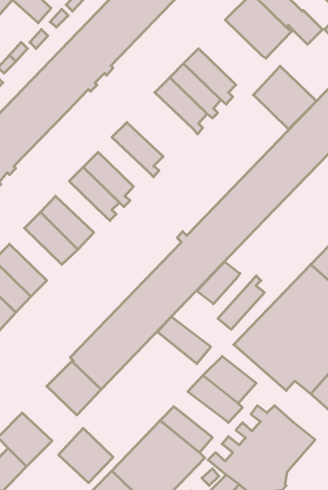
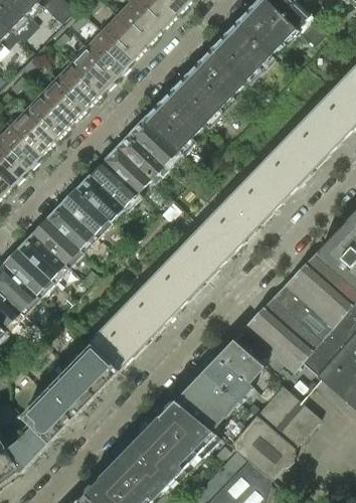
building: [253,66,316,129] -> [210,22,270,81]
building: none -> [143,91,205,157]
building: none -> [116,133,163,184]
building: none -> [75,174,123,225]
building: none -> [32,218,81,268]
building: [197,261,240,304] -> none
building: [218,276,264,329] -> none
building: [157,317,211,364] -> [187,372,237,416]
building: [59,428,113,483] -> [44,367,96,418]

